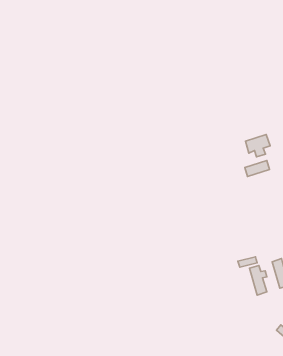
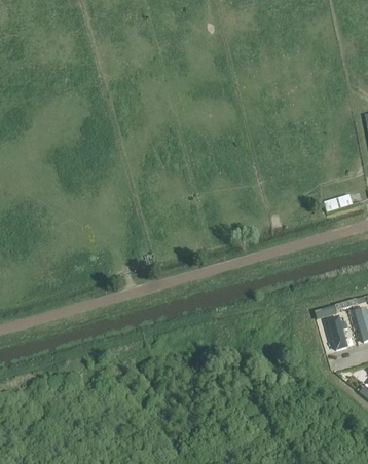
building: [245,135,270,157] -> none

